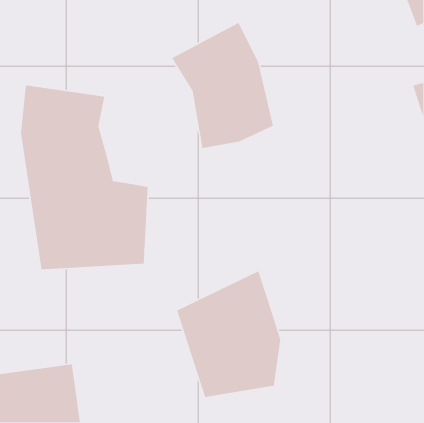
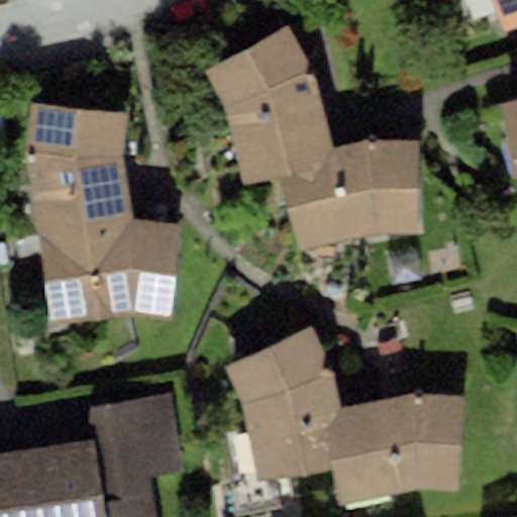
building: none -> [290,139,423,248]
building: none -> [332,393,462,503]
building: none -> [90,399,185,488]

